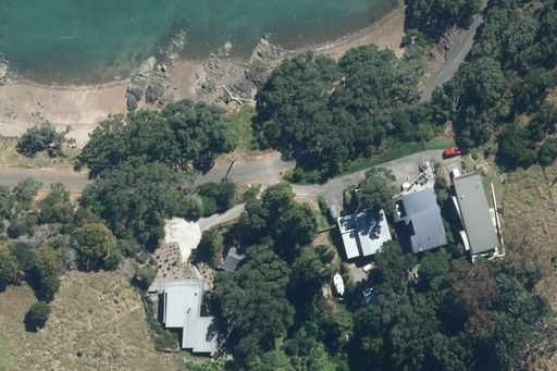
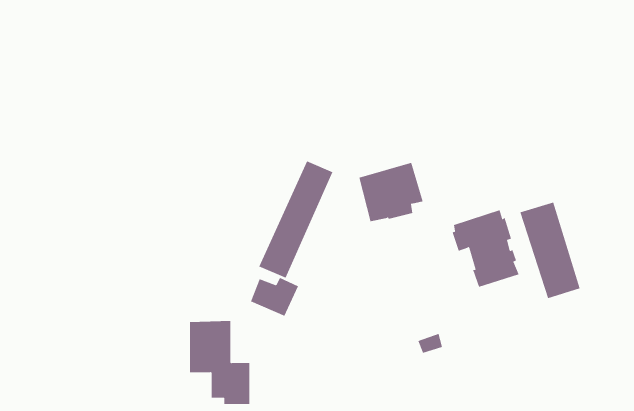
building: none -> [258,160,333,278]
building: [338,206,394,257] -> [358,162,423,222]

